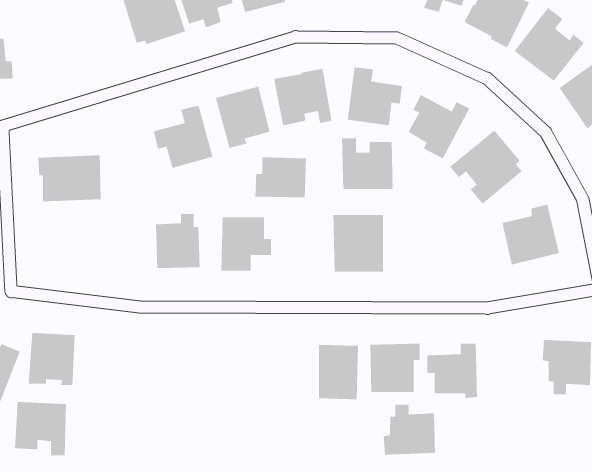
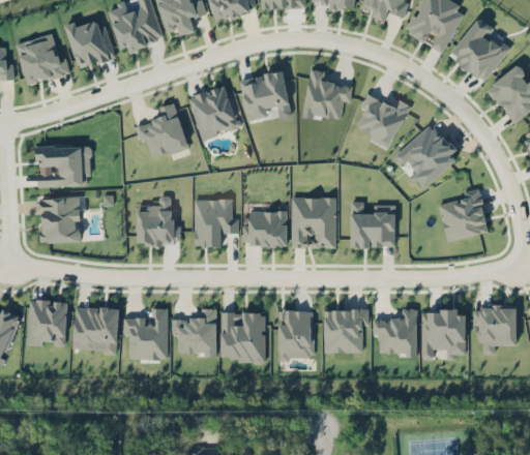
building: none -> [64,19,110,68]
building: none -> [16,32,70,85]
building: [341,138,394,190] -> [350,201,395,246]
building: [254,157,307,198] -> [242,210,288,246]
building: none -> [39,195,81,242]
building: none -> [124,307,168,359]
building: none -> [172,307,216,356]
building: none -> [421,310,466,358]
building: none -> [220,311,264,362]
building: [14,401,67,456] -> [72,306,118,354]
building: [383,404,436,456] -> none

